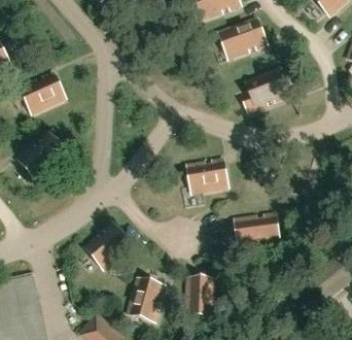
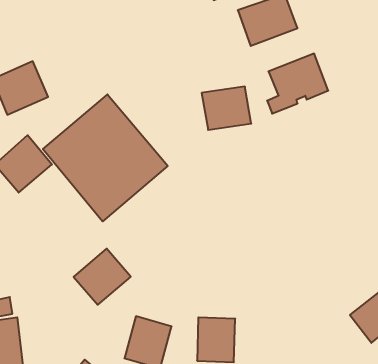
building: none -> [43,94,168,221]
building: [184,159,224,194] -> [202,87,251,130]
building: [233,212,278,247] -> none

